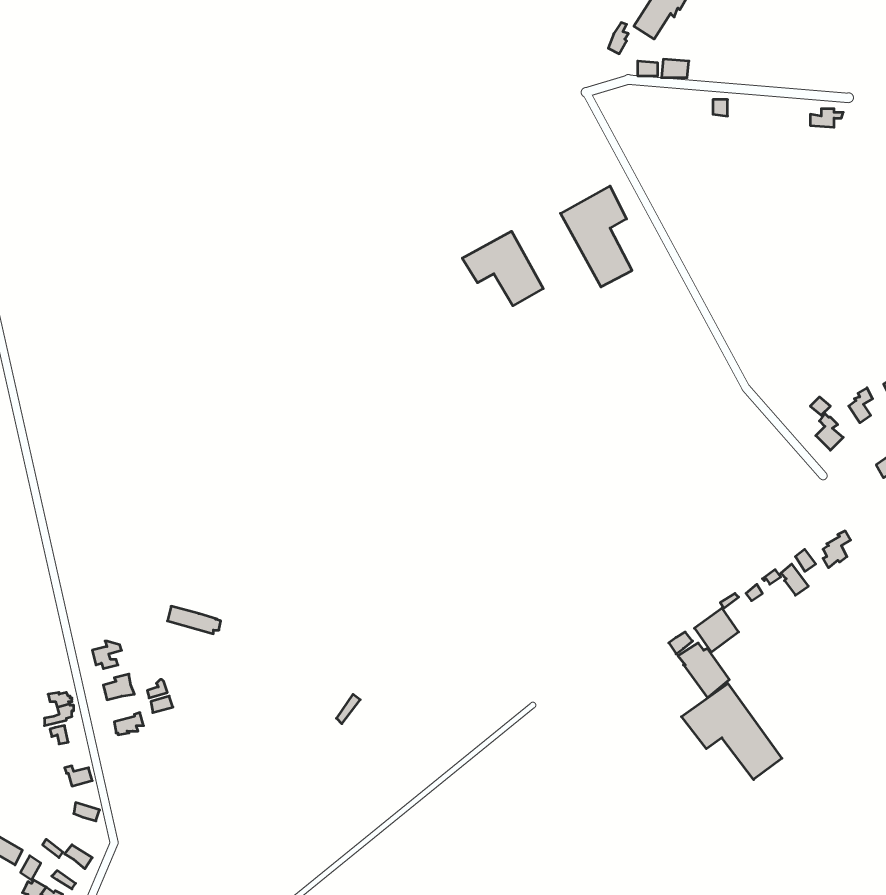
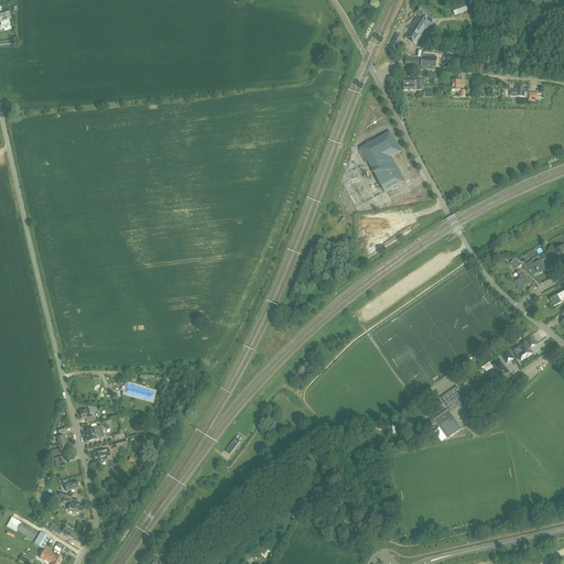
building: [462,231,543,306] -> none
building: [681,683,782,780] -> none

